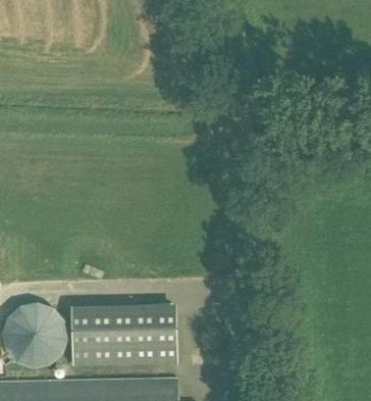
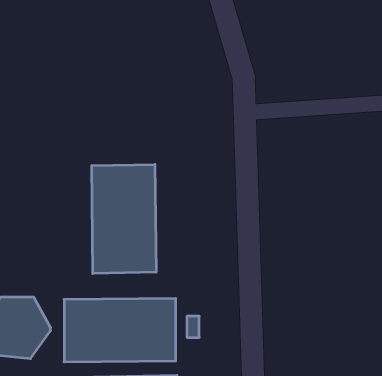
building: none -> [92,164,156,274]

